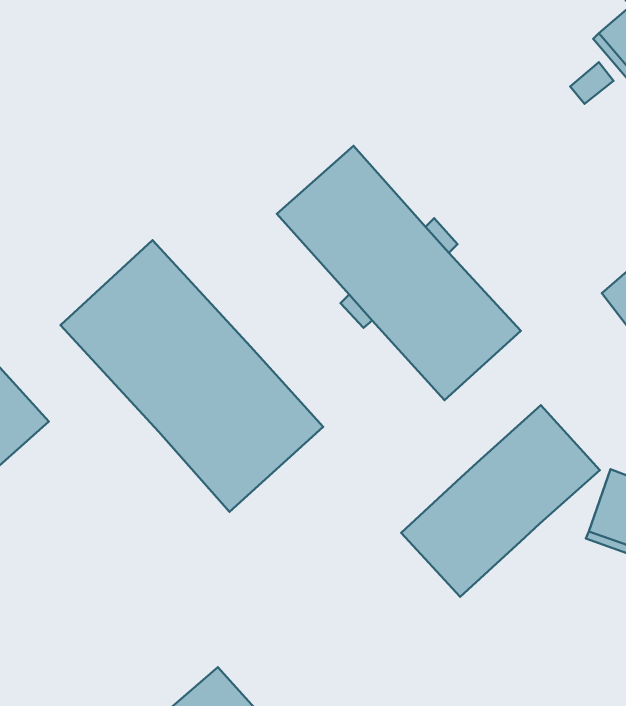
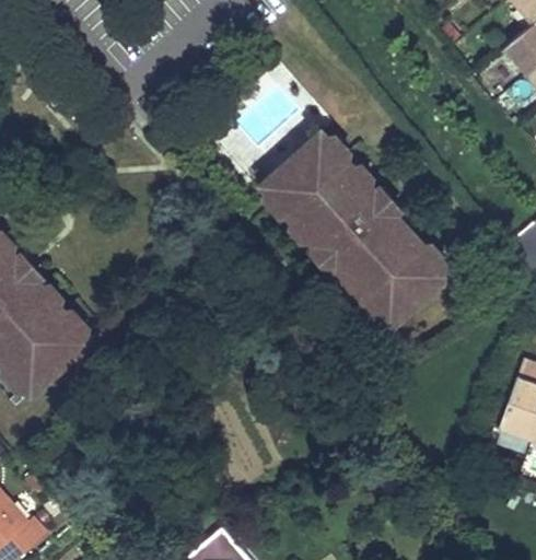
building: [60,240,323,512] -> none
building: [401,405,600,597] -> none

